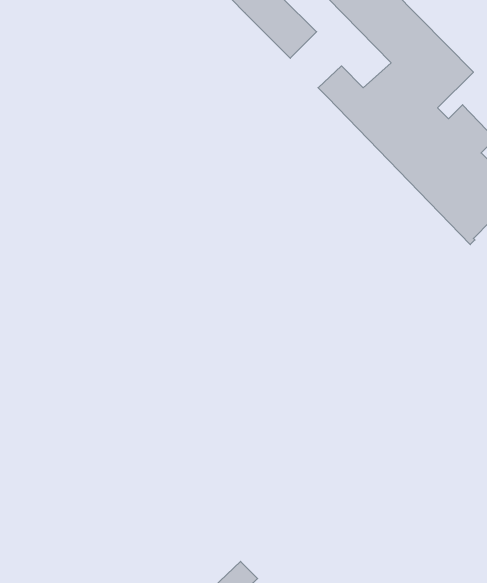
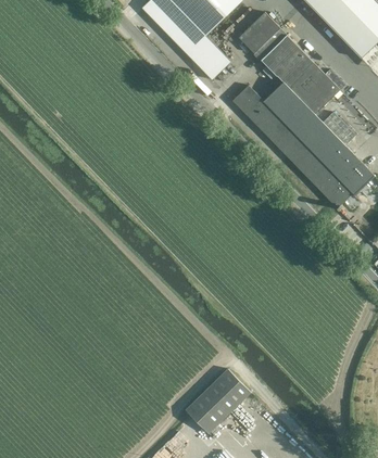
building: none -> [185,368,250,433]

